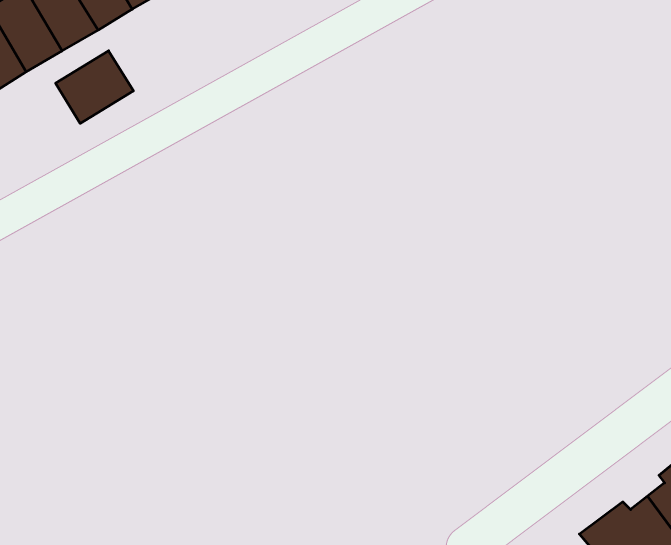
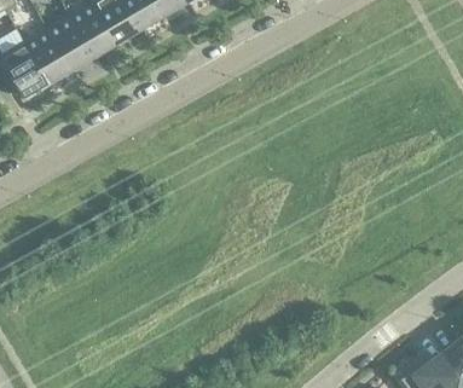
building: [56,51,133,123] -> none

